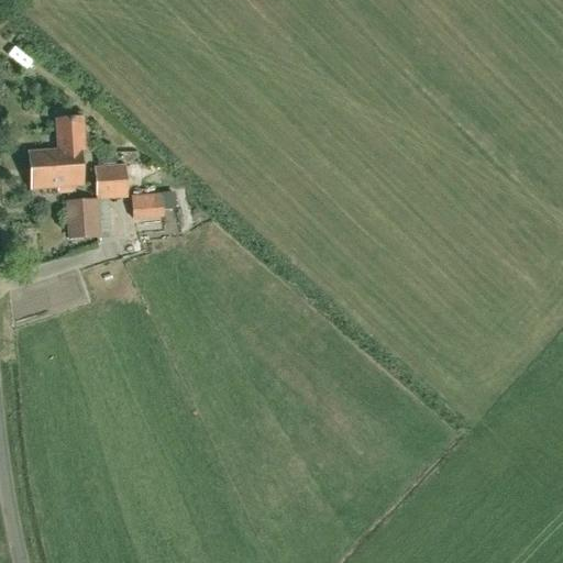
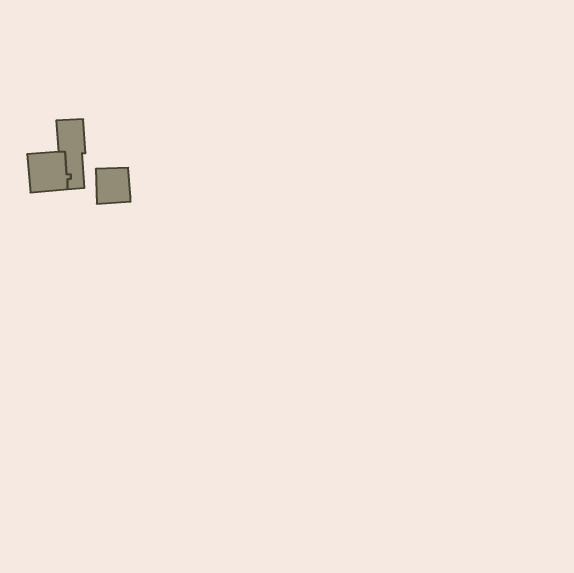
building: [131,190,177,219] -> none
building: [68,199,97,236] -> none

